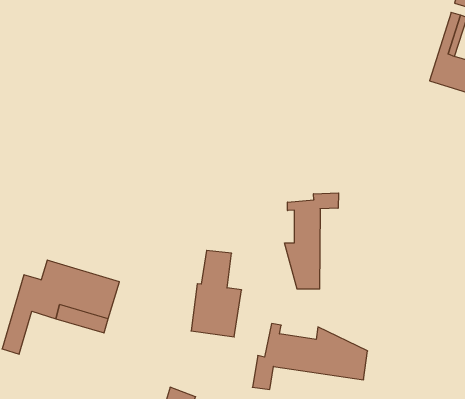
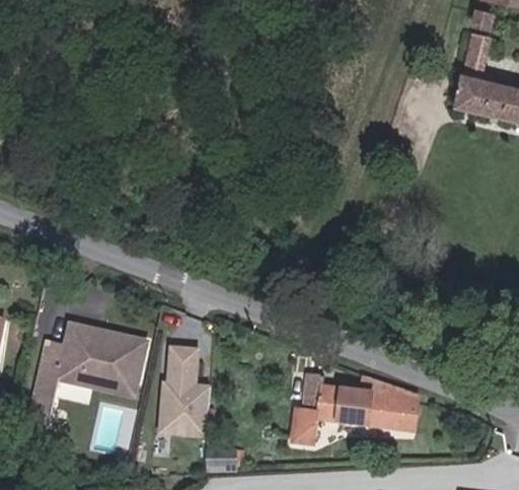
building: [285,193,339,289] -> none
building: [191,250,242,337] -> [160,347,210,435]

